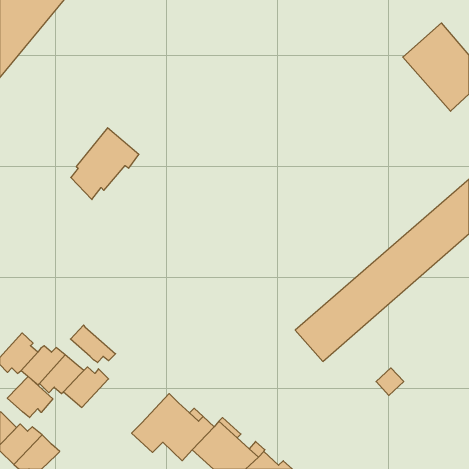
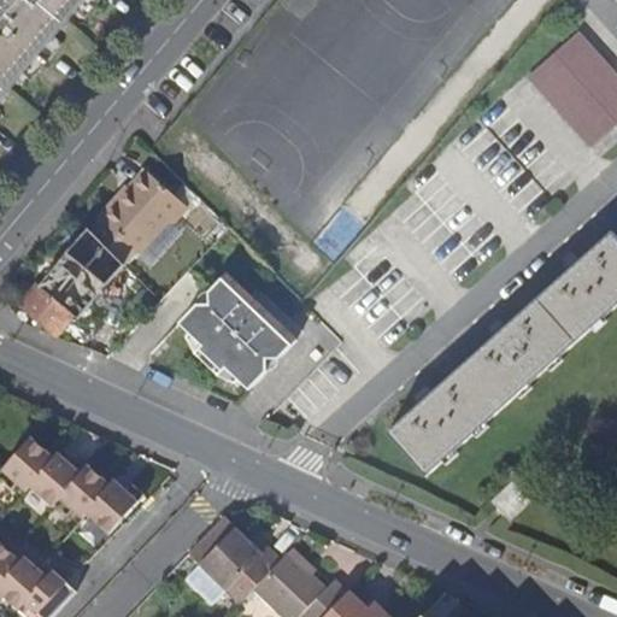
building: none -> [18,227,124,335]
building: none -> [178,271,295,388]
building: [70,325,116,363] -> none
building: [7,377,53,418] -> none

